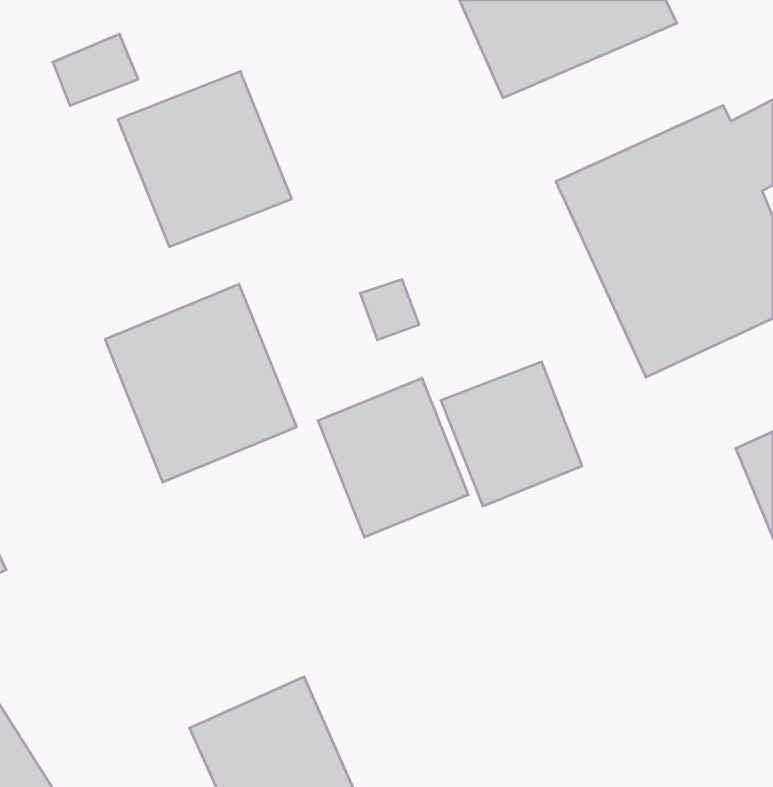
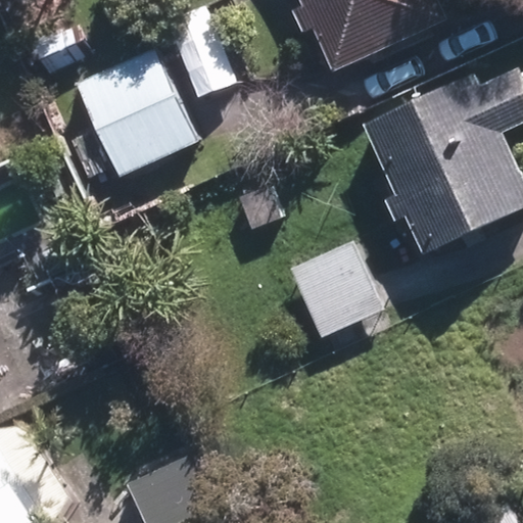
building: [105,284,296,482] -> none
building: [318,378,468,537] -> none

